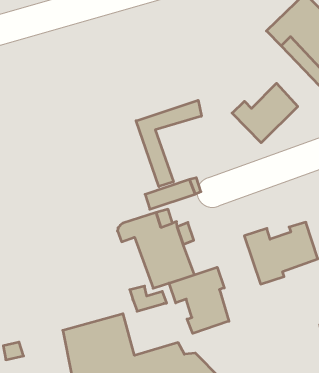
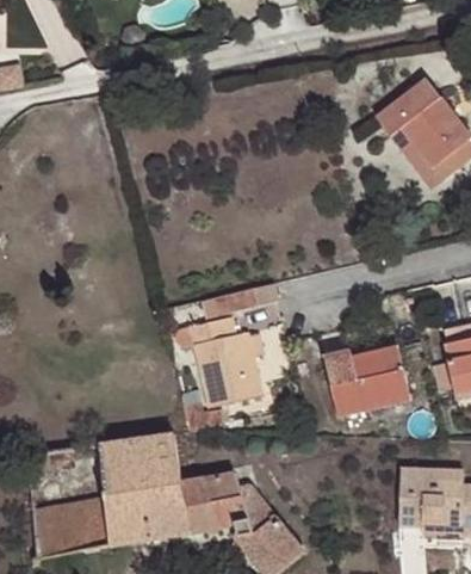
building: [232,83,298,143] -> none
building: [136,100,201,187] -> none
building: [169,267,229,333] -> none

